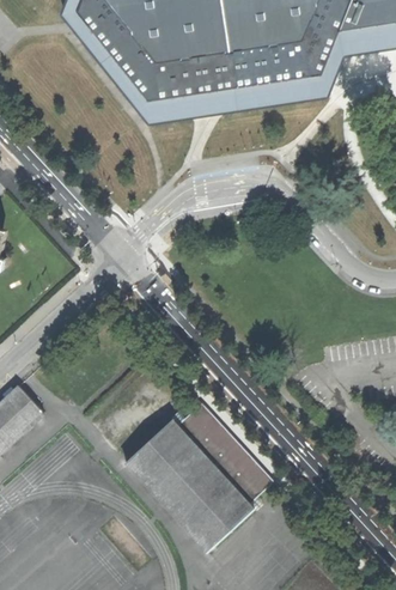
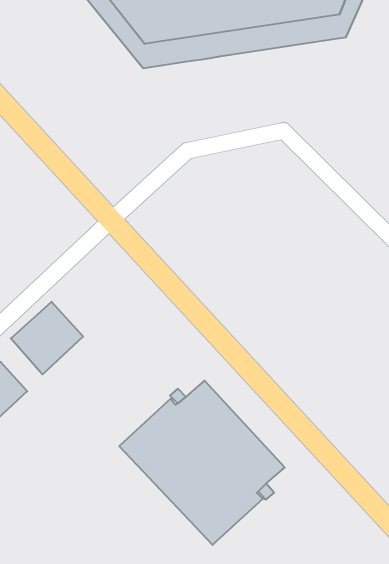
building: none -> [11,302,83,374]

